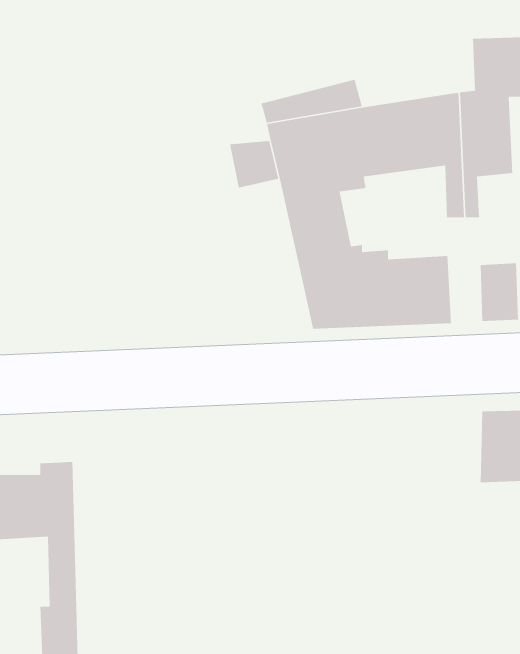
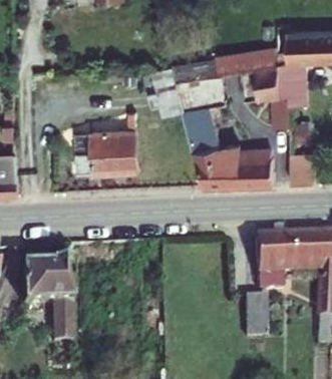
building: none -> [71,112,139,177]
building: none -> [256,234,292,286]
building: none -> [240,293,265,334]

